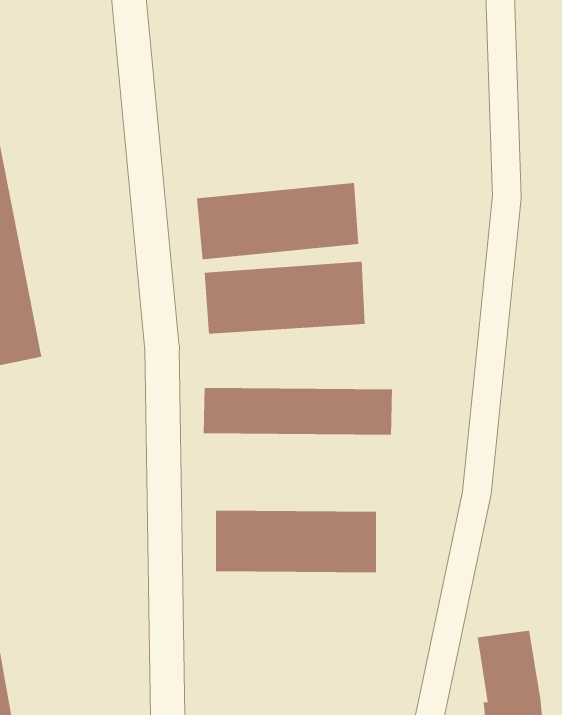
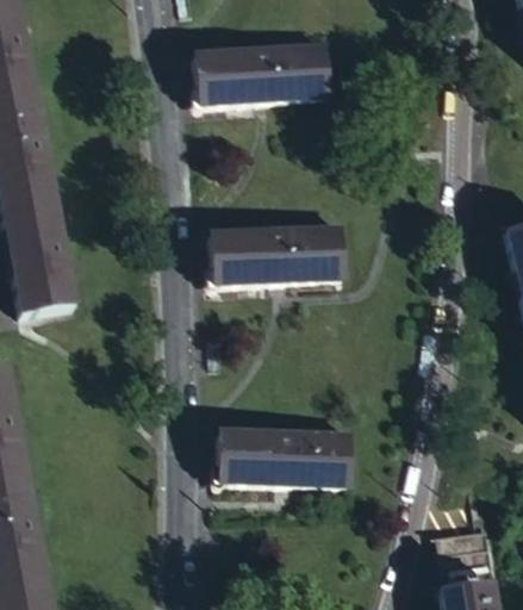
building: [196,183,359,260] -> [194,42,330,106]
building: [203,387,393,435] -> none

